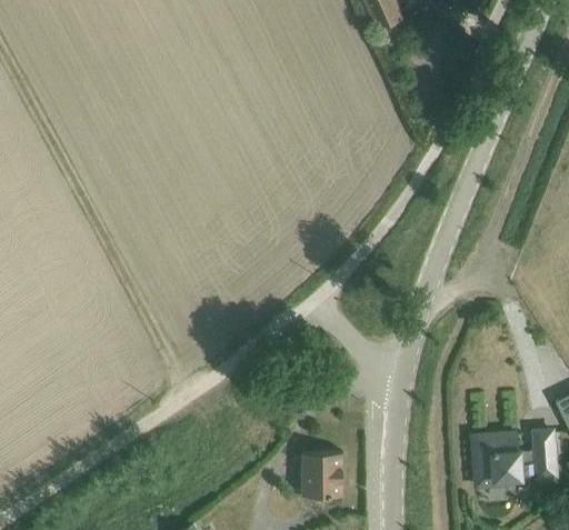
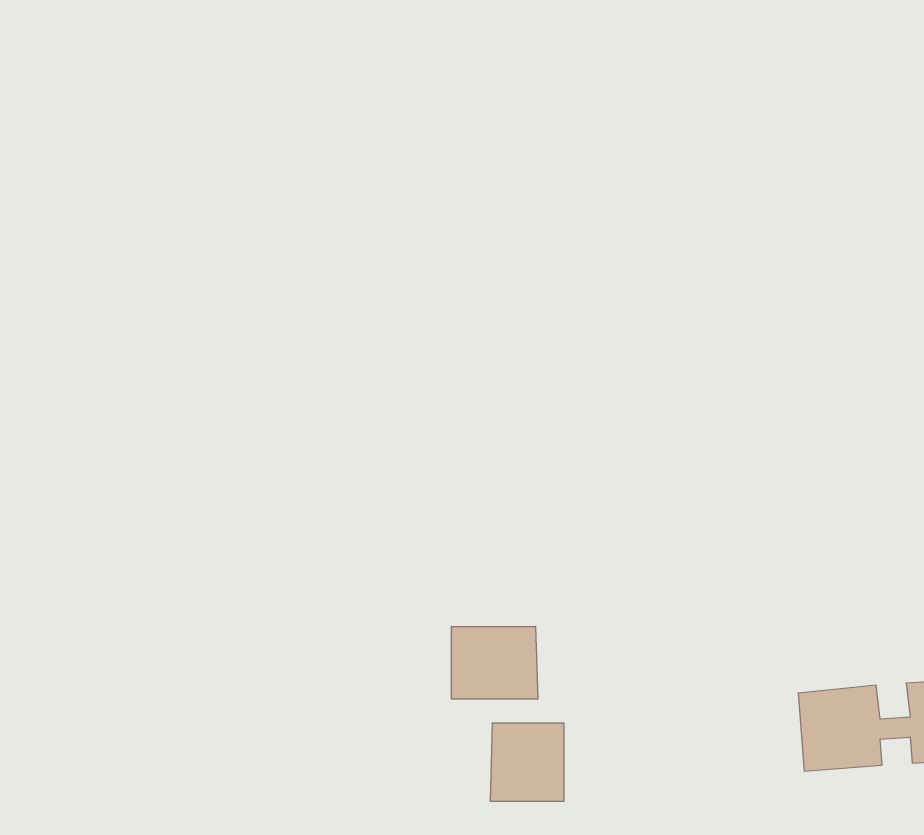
building: none -> [452,626,538,699]

